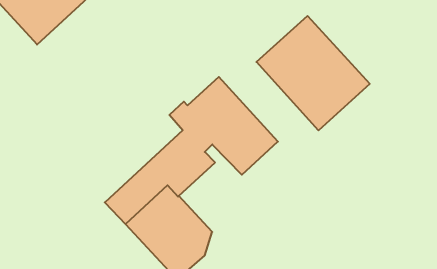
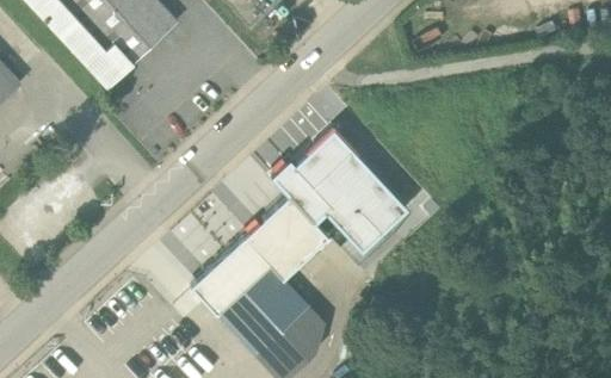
building: [256,16,370,130] -> none

